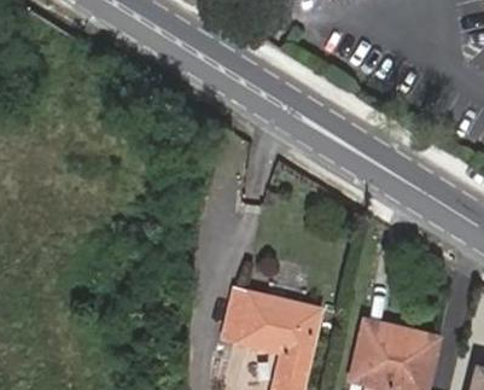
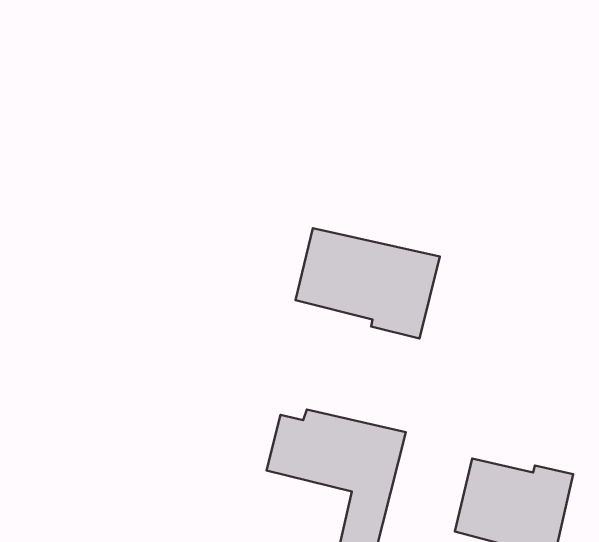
building: none -> [295,228,440,339]

